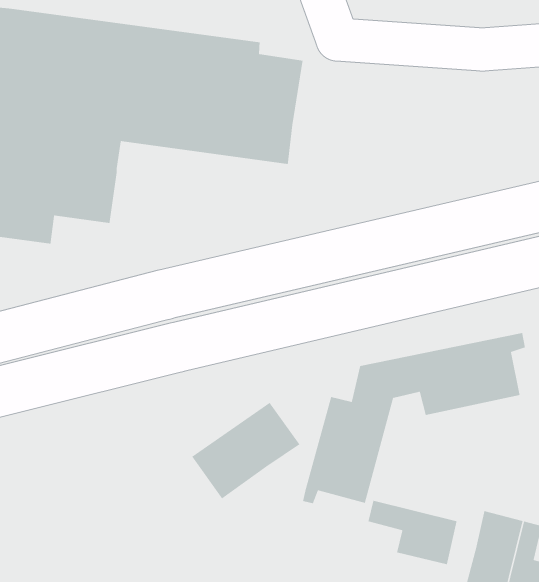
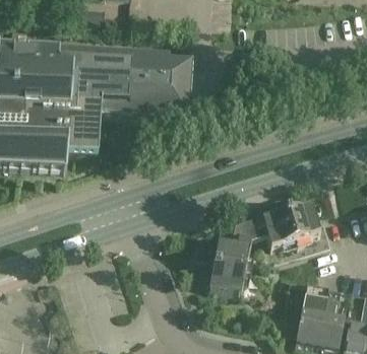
building: [191,402,301,500] -> none
building: [368,500,457,565] -> none

